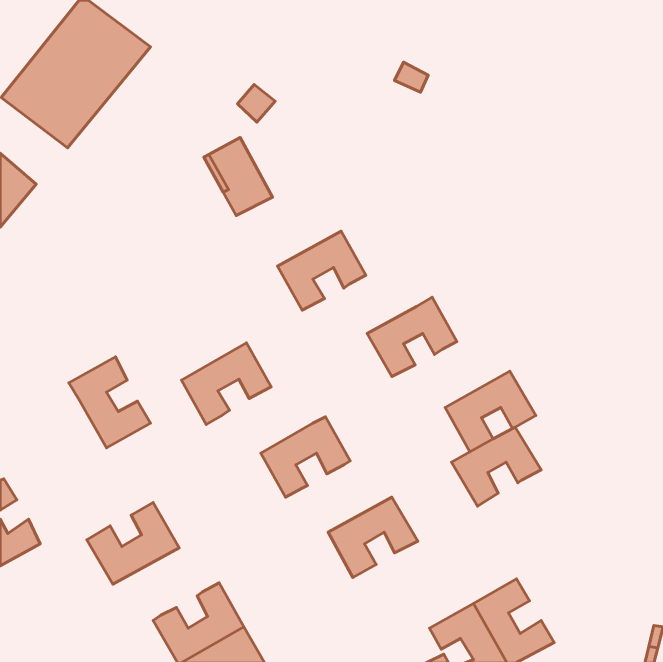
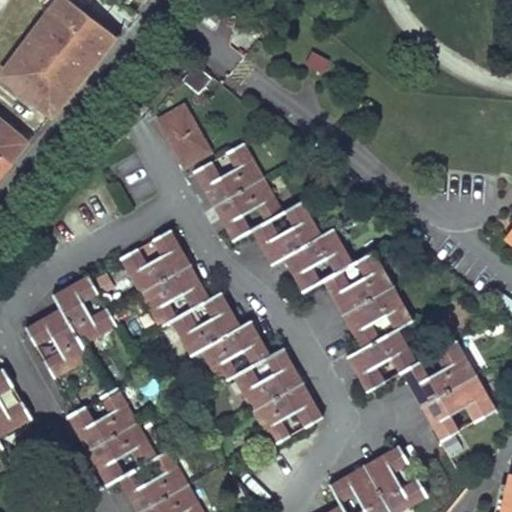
building: none -> [194,144,263,206]
building: none -> [252,203,321,264]
building: none -> [120,230,190,294]
building: none -> [324,252,393,315]
building: none -> [171,294,241,356]
building: none -> [27,309,89,378]
building: none -> [402,341,496,439]
building: none -> [233,349,302,411]
building: none -> [87,423,156,485]

